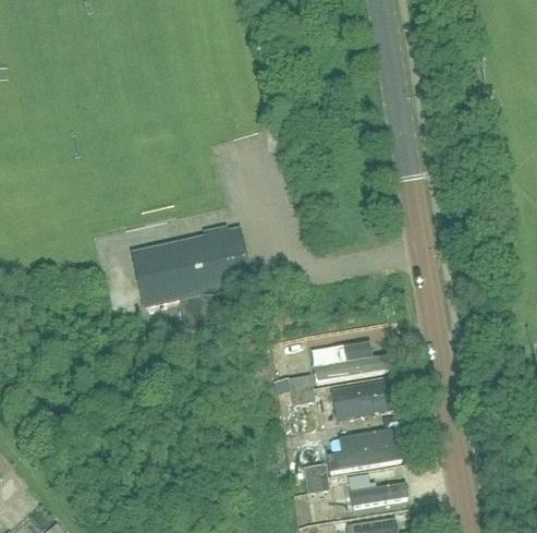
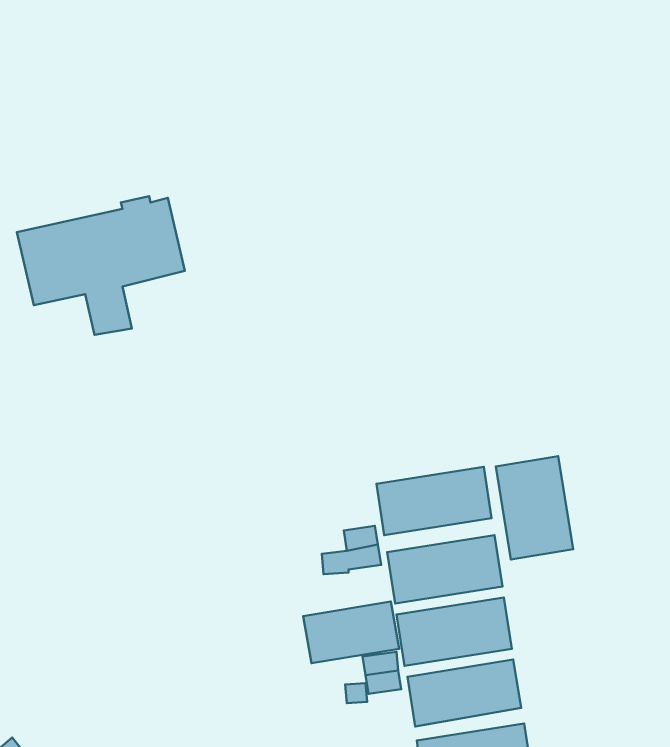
building: [132,229,249,326] -> [17,196,185,335]
building: none -> [496,456,573,559]
building: none -> [303,602,399,663]

